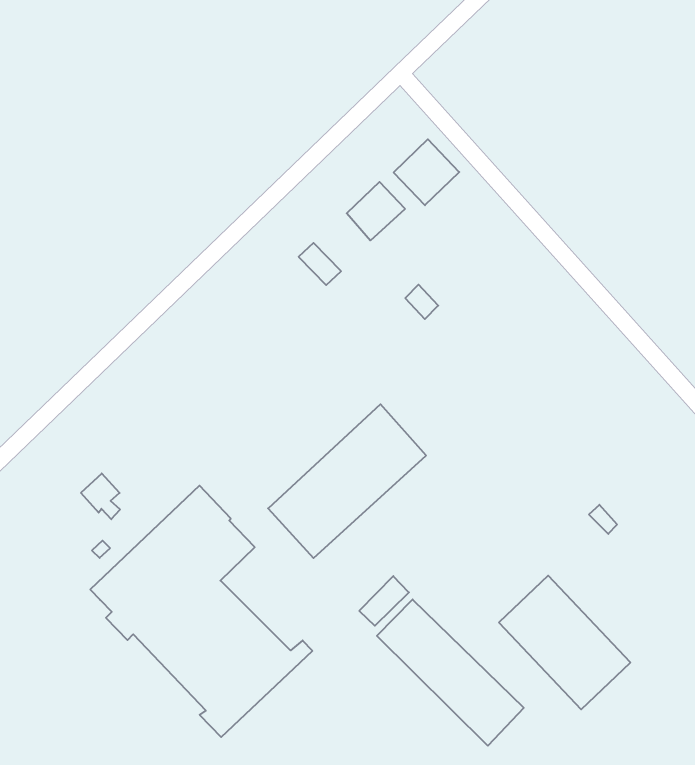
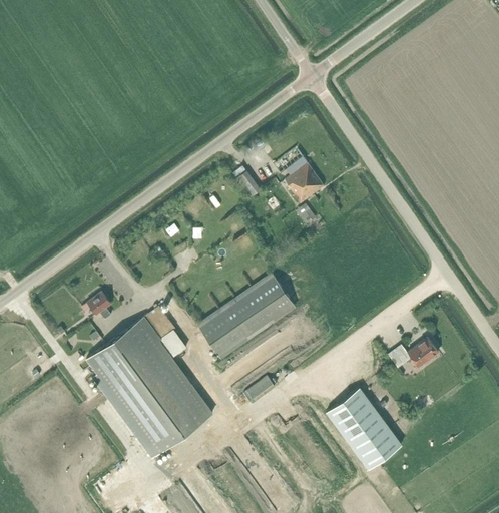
building: [394,139,459,205] -> [285,163,324,202]
building: none -> [408,338,439,367]
building: [377,599,524,746] -> none

